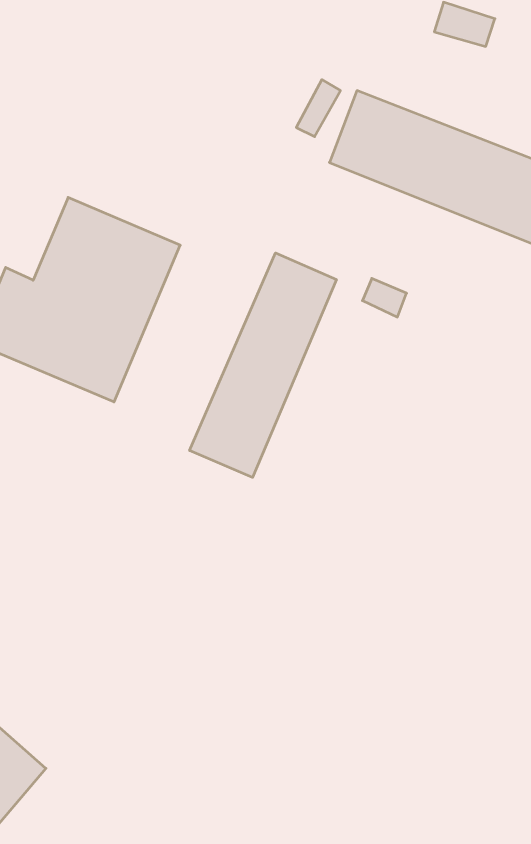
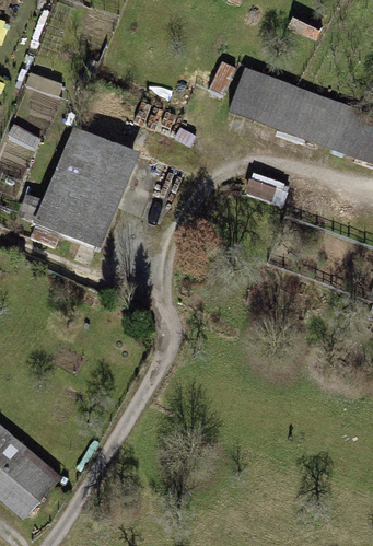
building: [190,253,336,477] -> none

